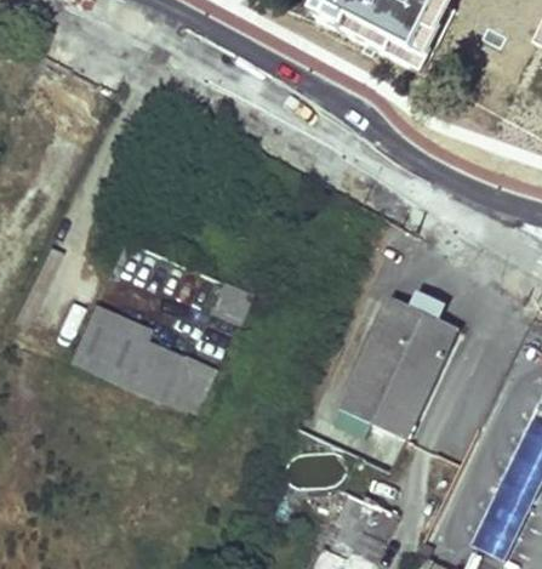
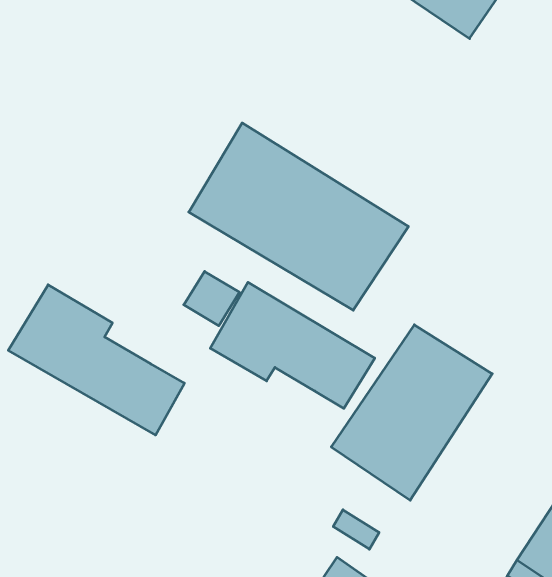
building: none -> [189,123,408,310]
building: none -> [210,282,375,408]

